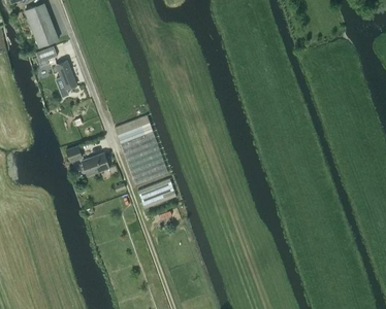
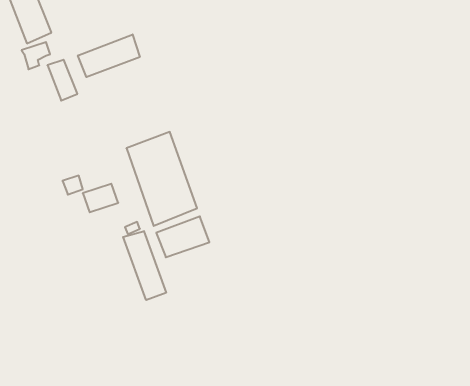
building: none -> [78,34,140,77]
building: none -> [123,231,166,300]

